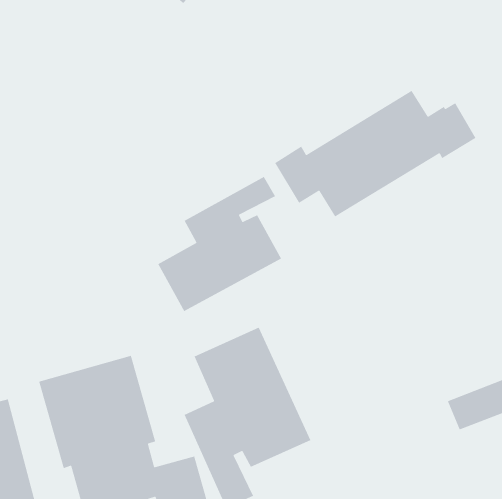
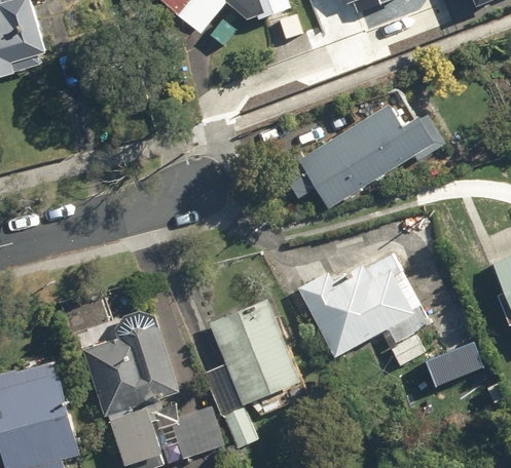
building: [157,176,282,312] -> none
building: none -> [298,254,429,366]

